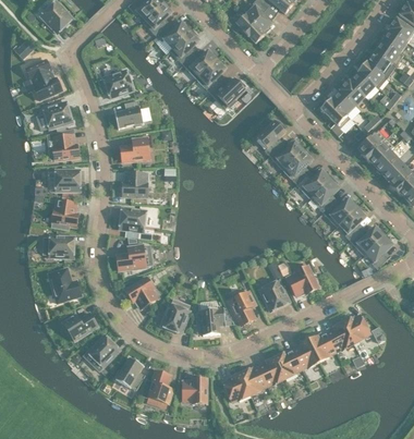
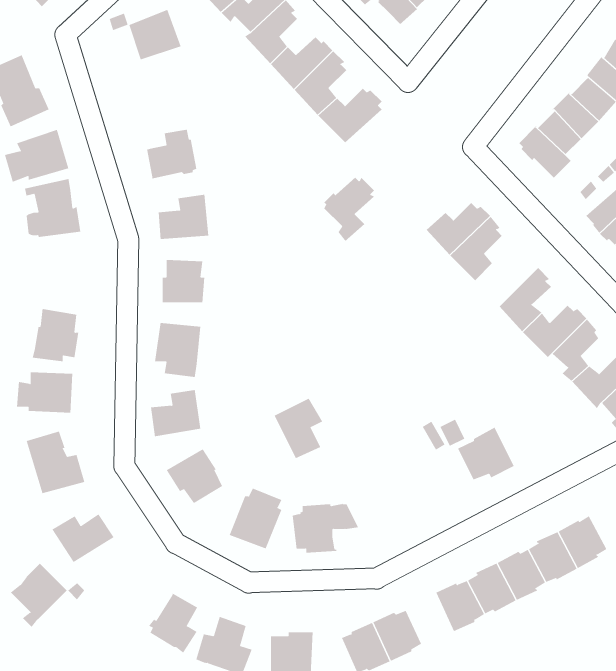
building: [104,69,133,97] -> [128,9,182,60]
building: [257,120,285,156] -> [324,177,375,242]
building: [56,169,80,191] -> none
building: [296,169,331,198] -> none
building: [259,280,289,310] -> none
building: [229,291,256,325] -> [274,398,323,459]
building: [87,334,119,370] -> [10,563,67,628]
building: [258,356,284,385] -> none

